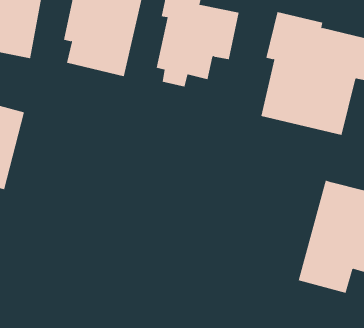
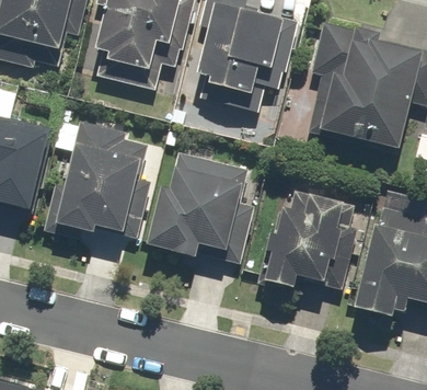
building: none -> [45,121,150,240]
building: none -> [150,151,252,260]
building: none -> [259,191,345,289]

